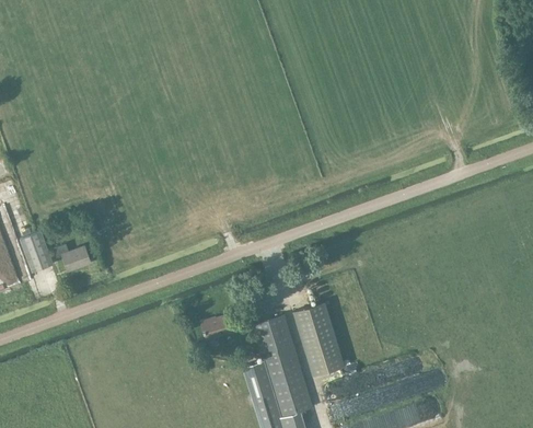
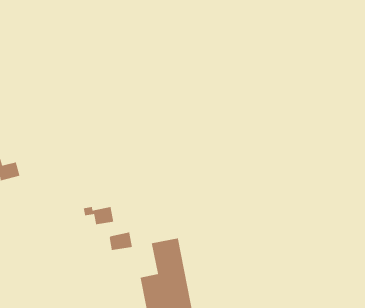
building: none -> [83,206,114,225]
building: [293,303,344,374] -> none

